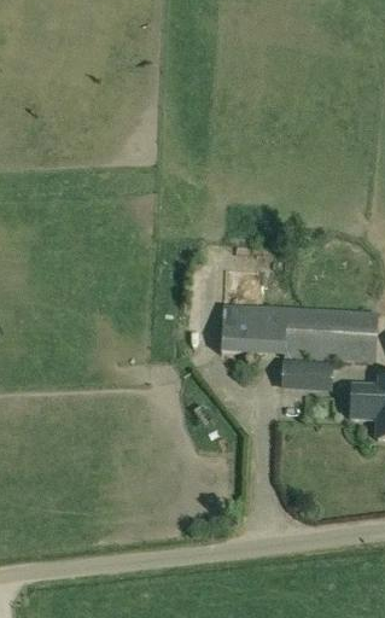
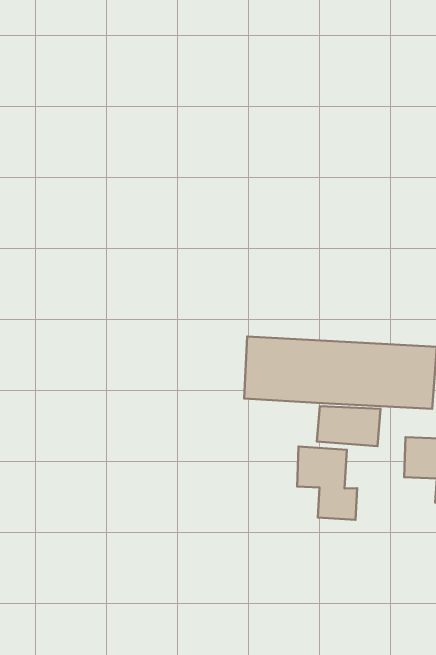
building: none -> [297,447,357,520]

